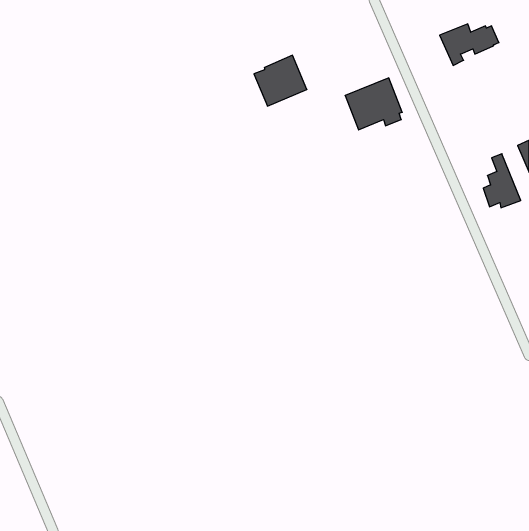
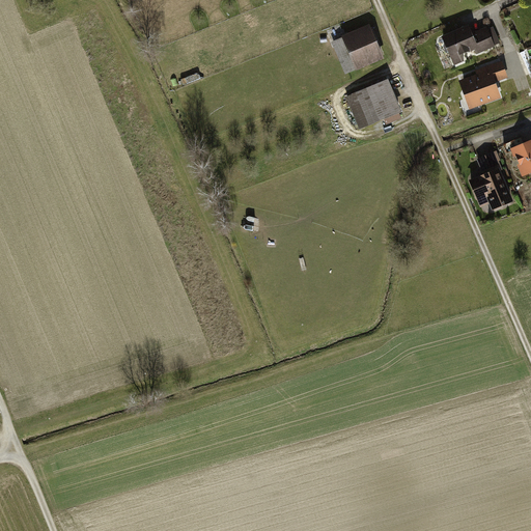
building: [254,55,307,106] -> [330,23,383,74]
building: none -> [456,60,506,108]

